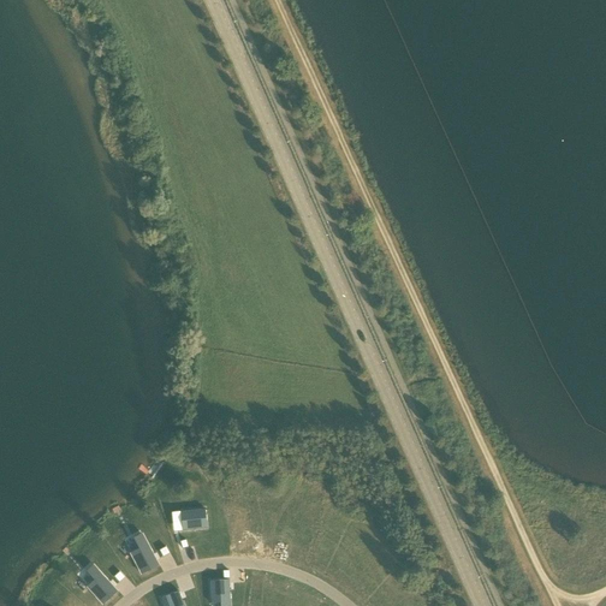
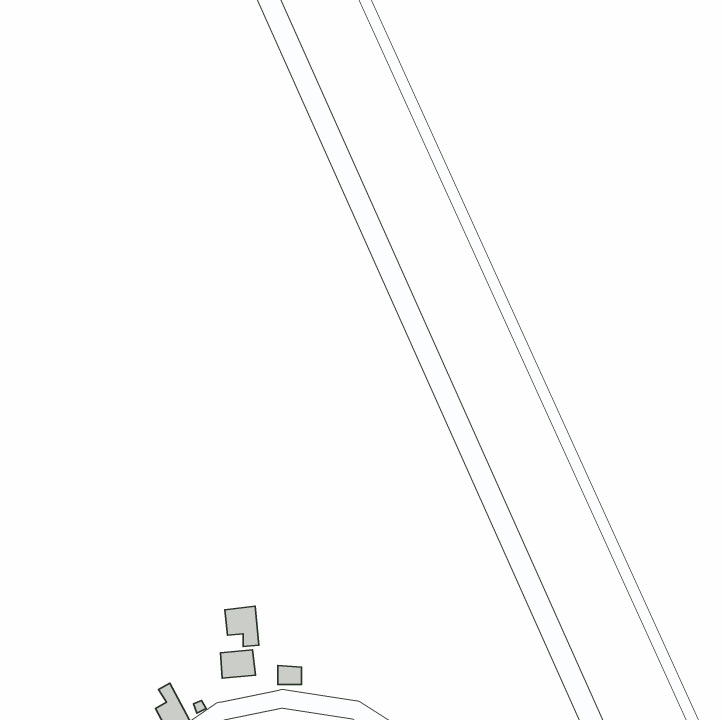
building: none -> [225,606,259,646]

